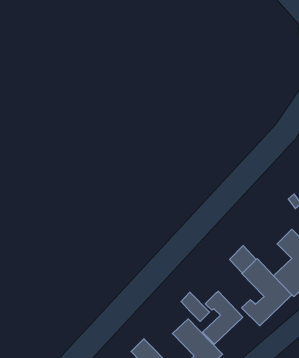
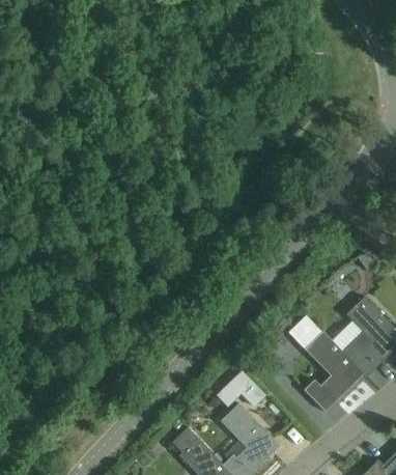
building: [203,291,243,344] -> none

